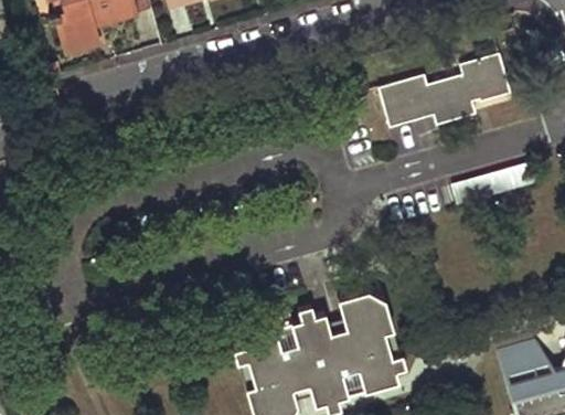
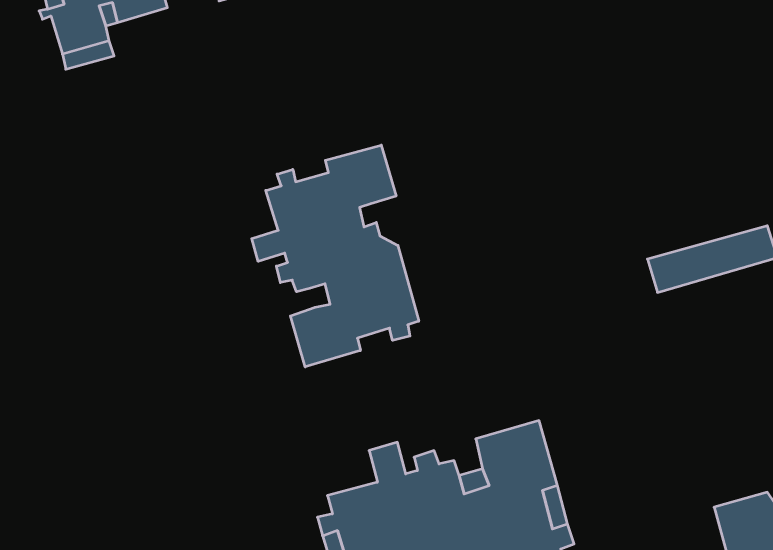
building: [381,52,513,126] -> none
building: none -> [252,145,419,367]

